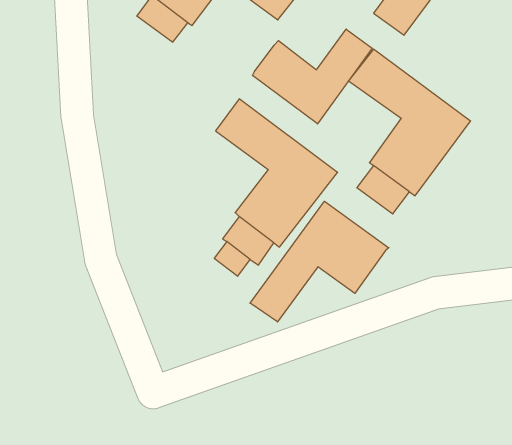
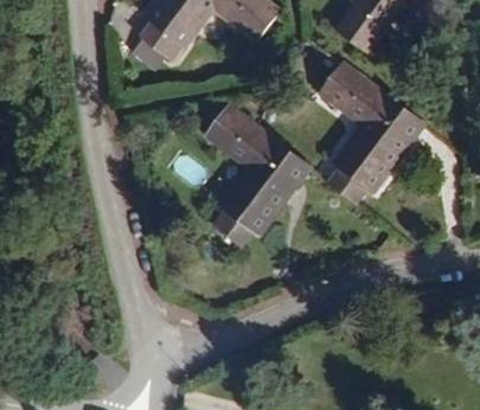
building: [252,29,372,124] -> none
building: [250,201,389,322] -> none

